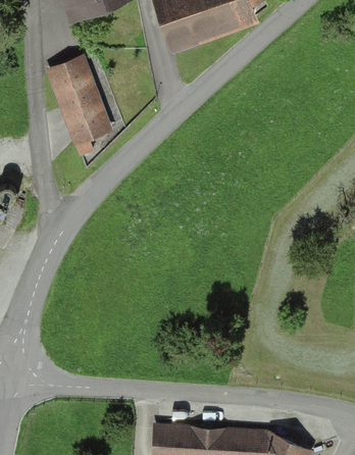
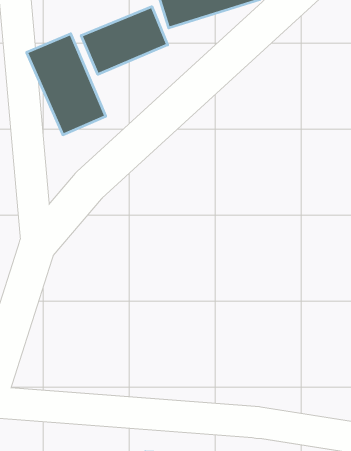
building: none -> [81,7,168,74]

